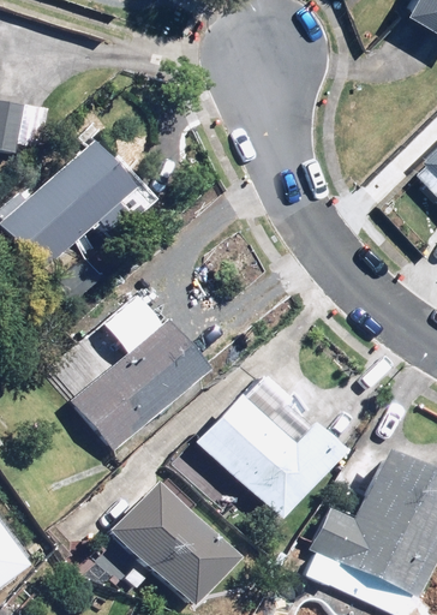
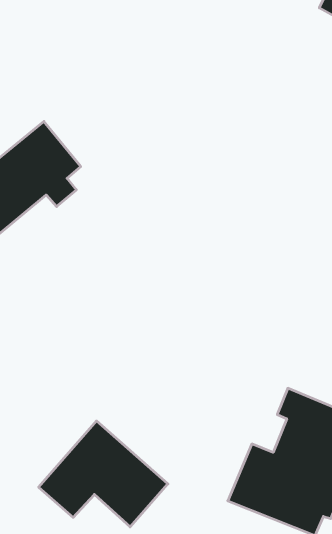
building: [71,294,205,449] -> none
building: [197,393,346,520] -> none

